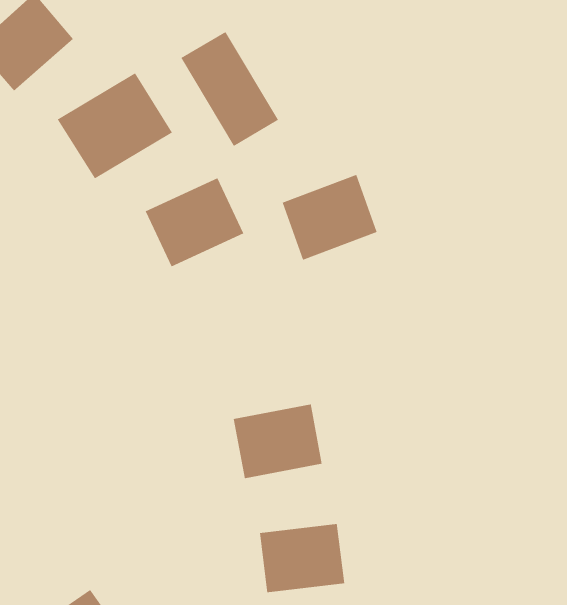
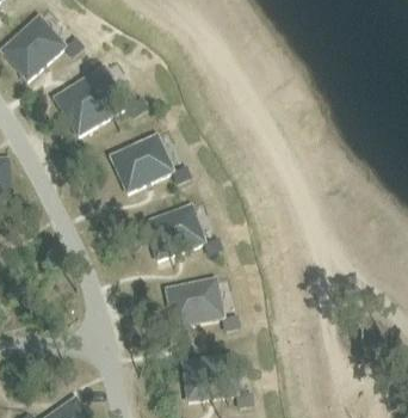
building: [181,31,279,147] -> none
building: [282,174,377,260] -> [143,205,204,260]

